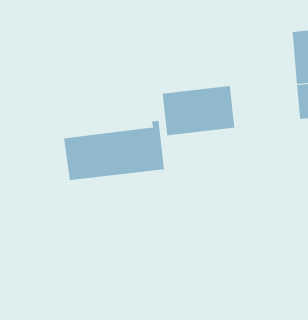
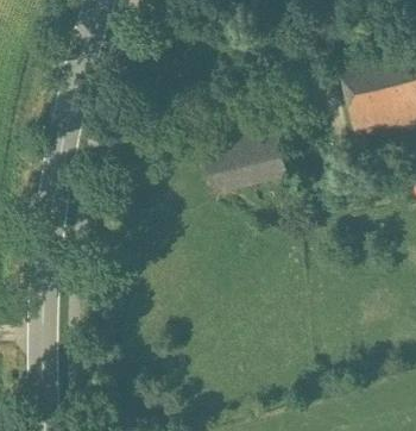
building: [64,120,165,181] -> none

